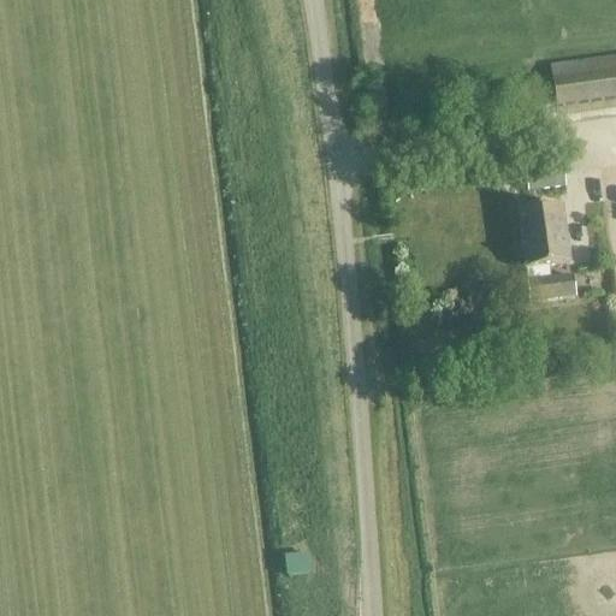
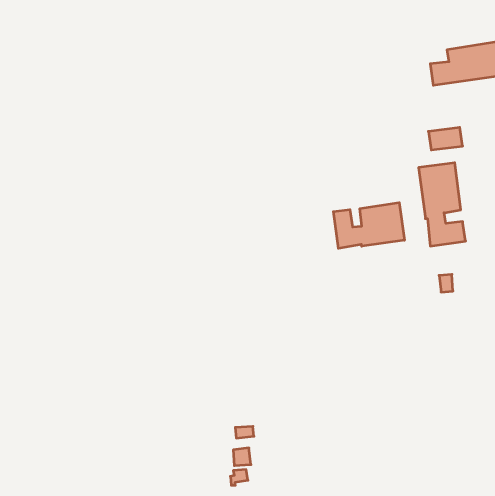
building: none -> [333,203,404,248]

